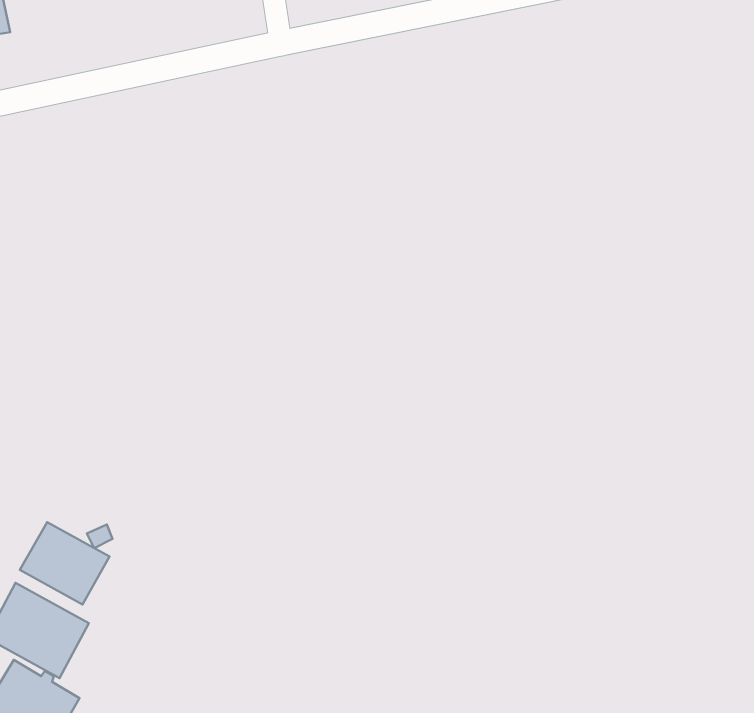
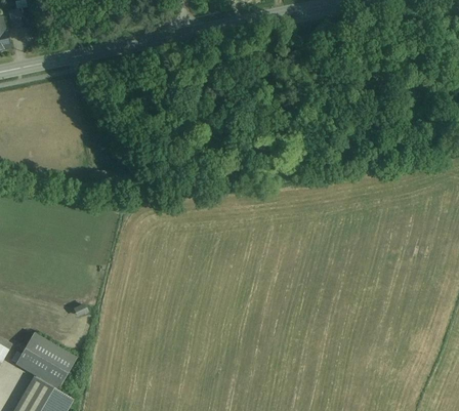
building: [20,522,110,604] -> none

